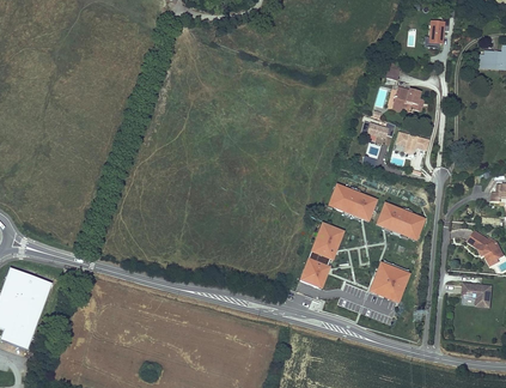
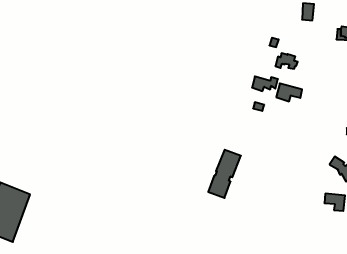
building: [328,182,378,222] -> none
building: [376,201,426,241] -> none
building: [368,261,410,303] -> none

